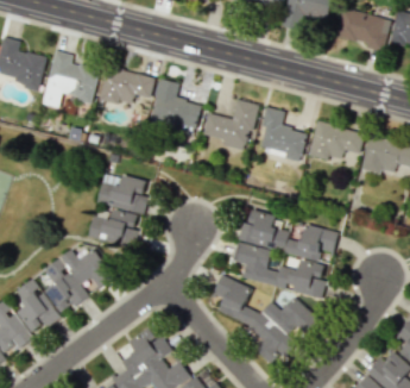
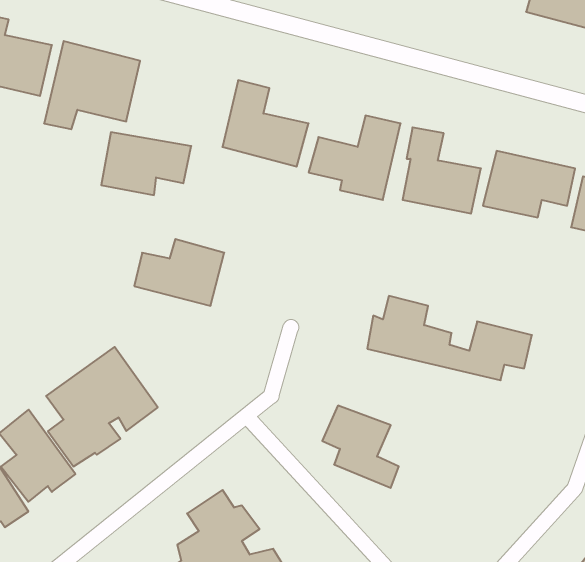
building: [100,67,154,105] -> [101,132,191,195]
building: [88,208,141,246] -> none
building: [233,243,328,296] -> none
building: [241,296,317,362] -> none

